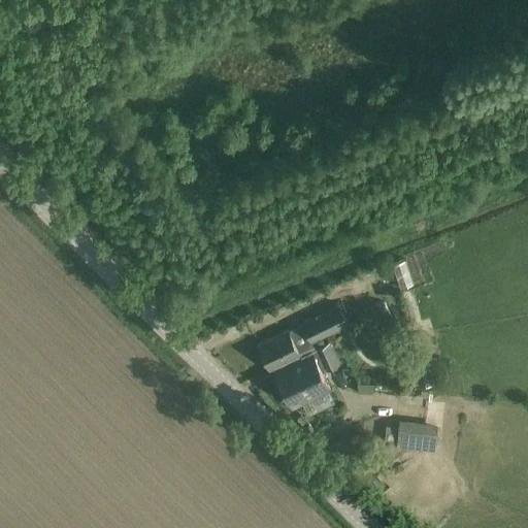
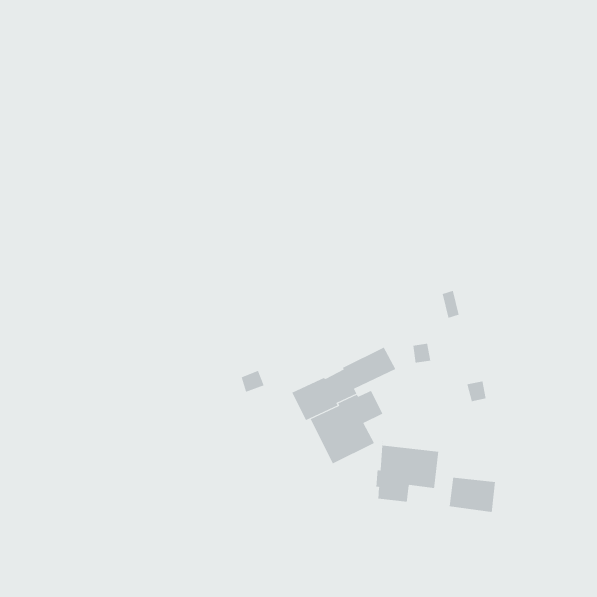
building: none -> [376,440,439,502]

